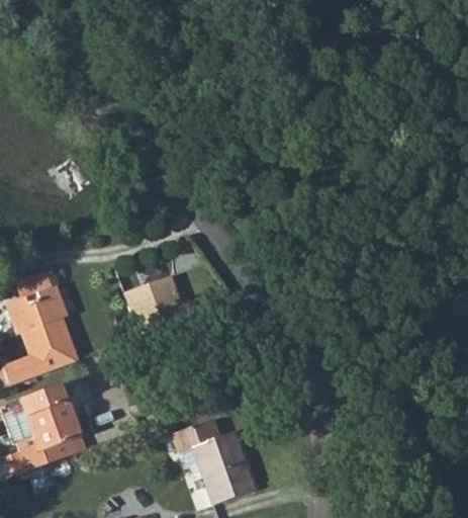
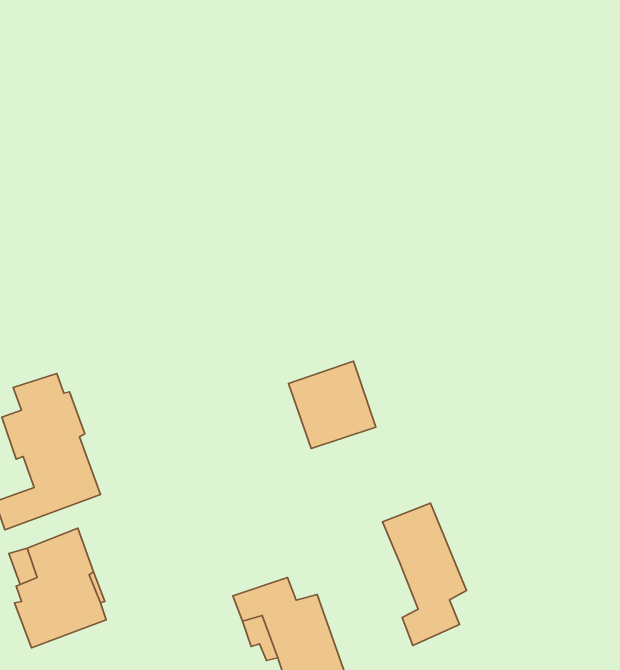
building: [124,273,187,336] -> [289,361,376,448]
building: none -> [382,503,467,646]

